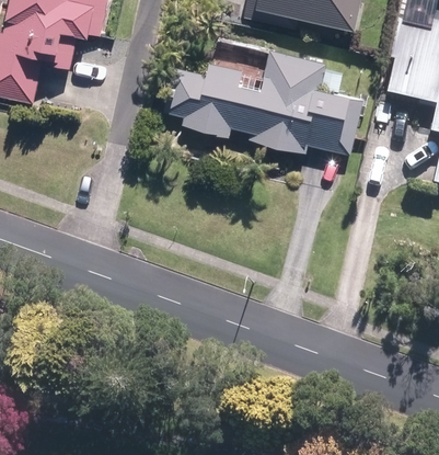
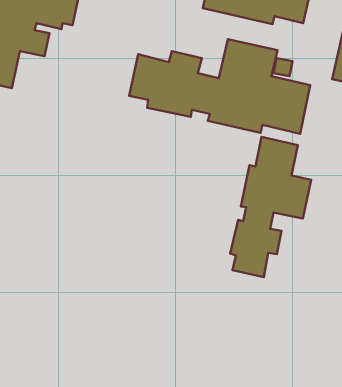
building: none -> [230,137,311,277]

